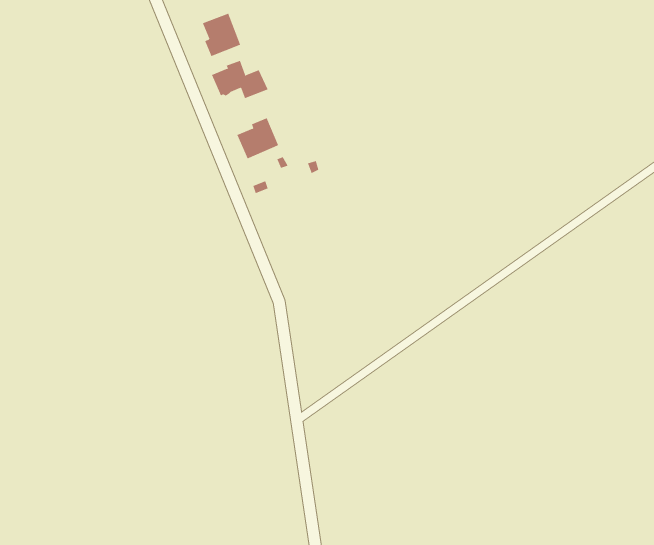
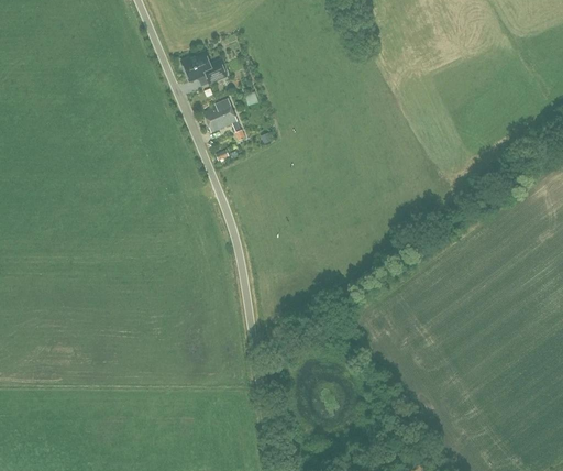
building: [202,13,242,57] -> none

